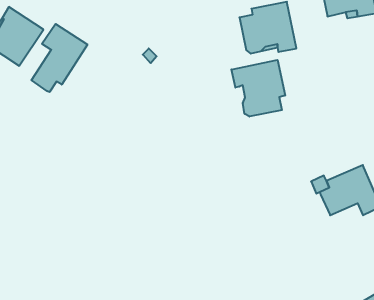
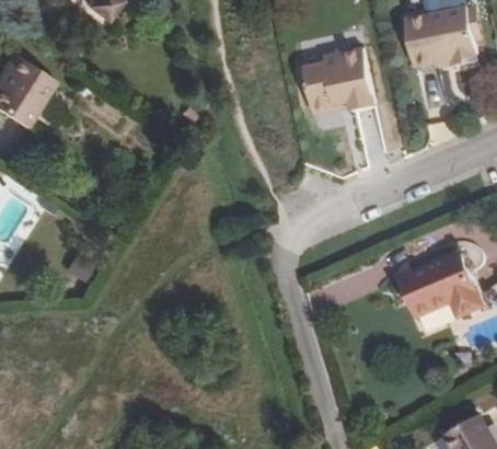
building: [31,24,87,92] -> none
building: [231,60,285,117] -> none

